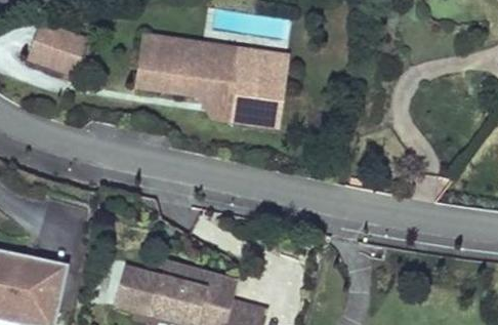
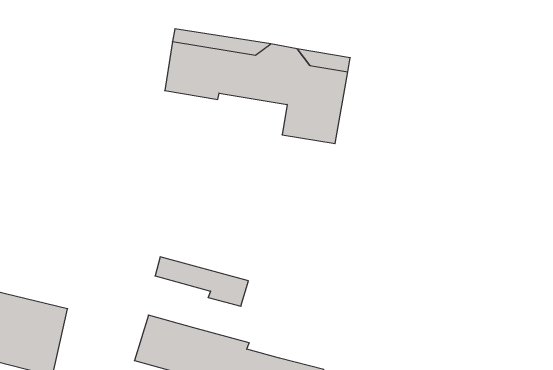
building: [31,21,86,71] -> none
building: [180,87,237,121] -> none
building: [161,262,237,302] -> [155,257,248,306]

